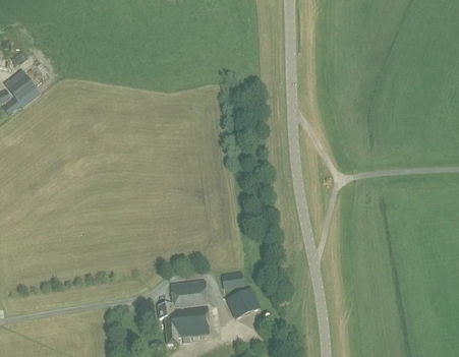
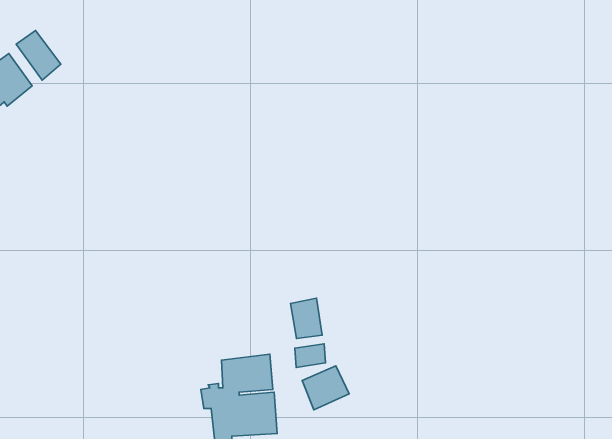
building: none -> [16,30,61,80]
building: none -> [291,298,322,339]

